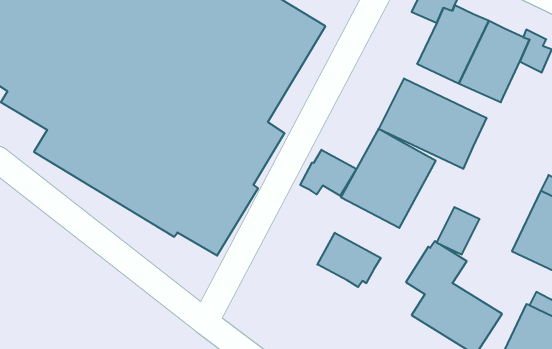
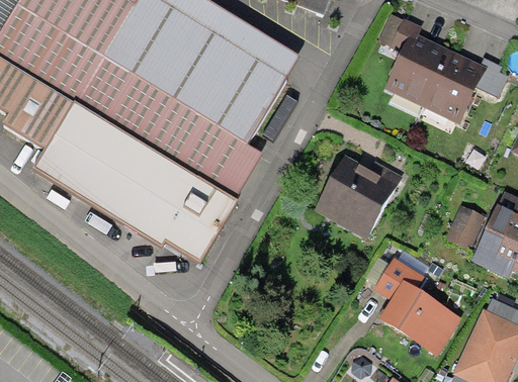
building: [379,78,487,169] -> none
building: [300,150,356,196] -> none
building: [437,207,480,254] -> [445,206,485,250]
building: [317,233,381,287] -> none

